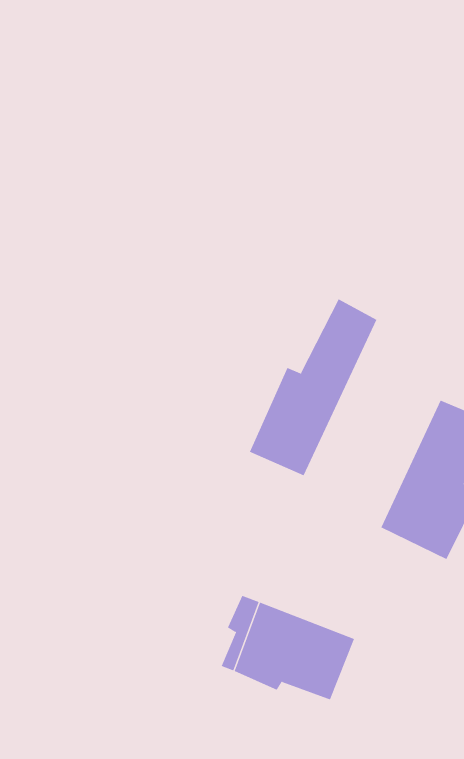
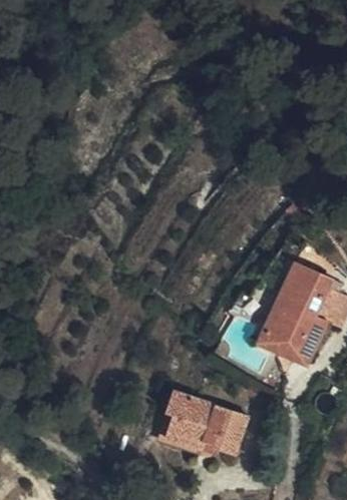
building: [249,298,377,476] -> none

